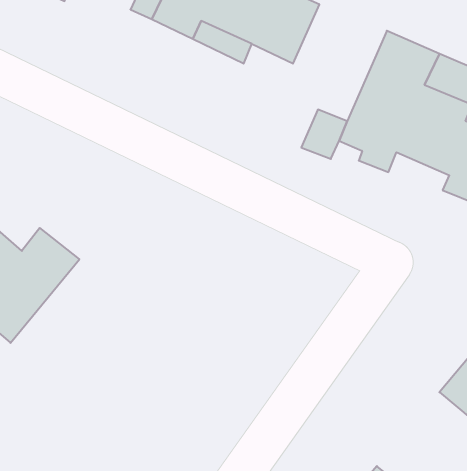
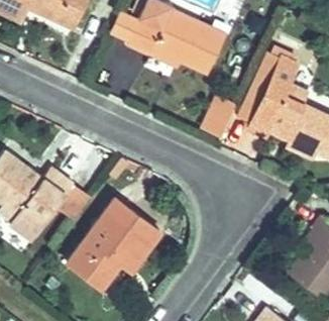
building: none -> [62,203,159,294]

